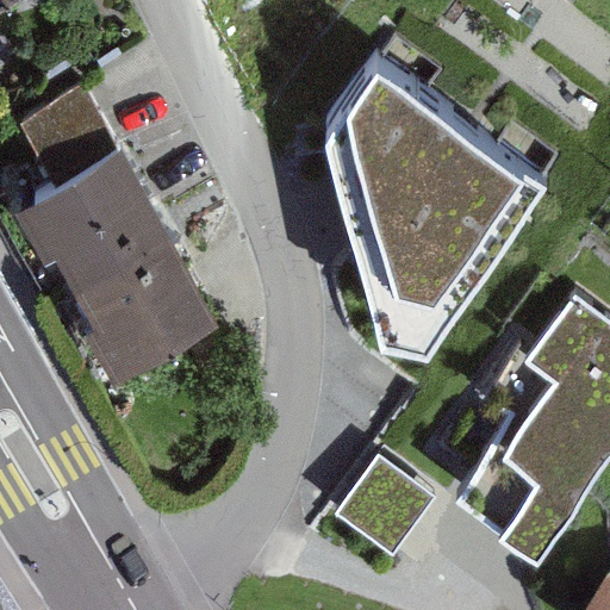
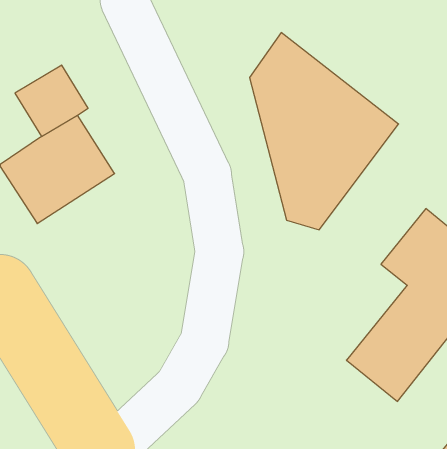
building: [55,236,220,397] -> none
building: [347,444,447,542] -> none

